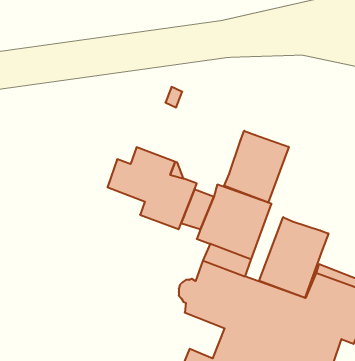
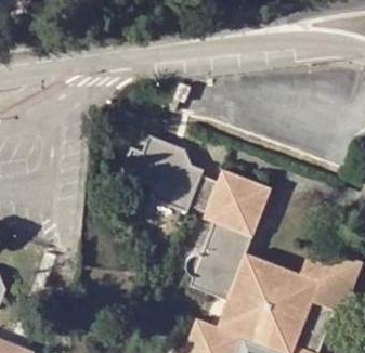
building: [224,131,289,203] -> none
building: [259,217,328,298] -> none

